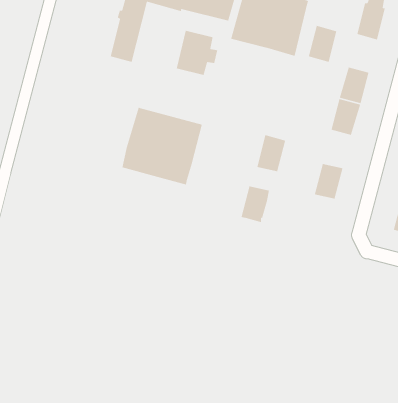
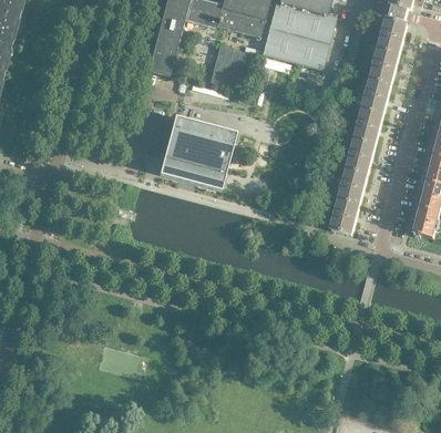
building: [308,25,337,63] -> [371,48,399,83]
building: [257,134,286,172] -> [347,137,375,173]
building: [240,185,270,223] -> [331,198,359,234]

